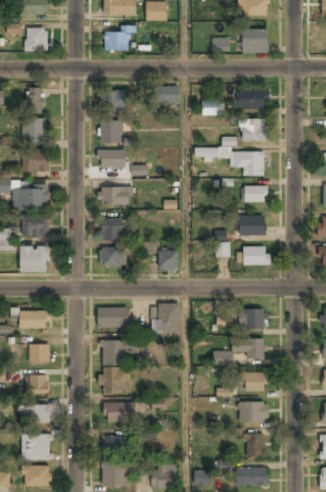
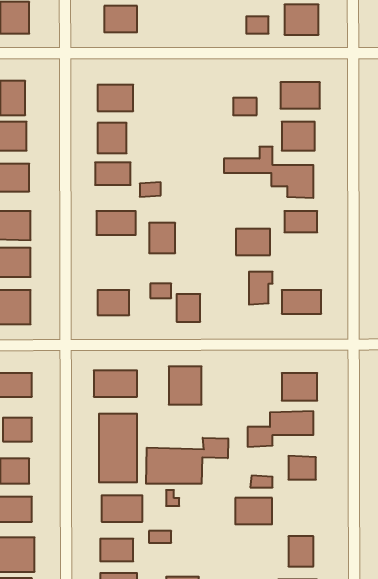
building: [154,86,179,104] -> none
building: [240,216,266,236] -> [236,229,270,255]
building: [101,218,121,241] -> [149,223,175,253]
building: none -> [146,438,228,484]
building: [239,402,267,422] -> [235,498,272,524]

